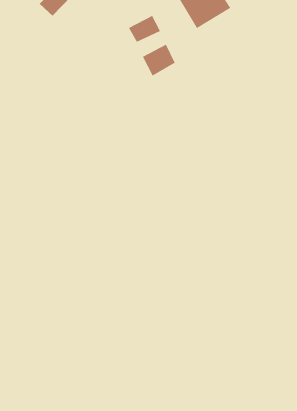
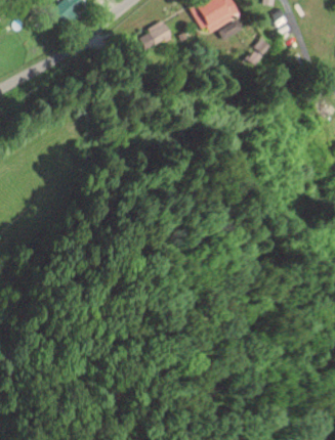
building: [142,44,176,77] -> none

